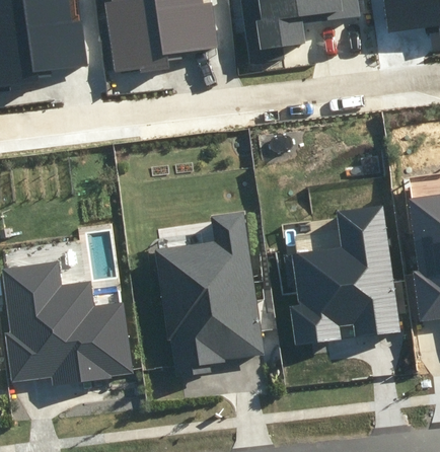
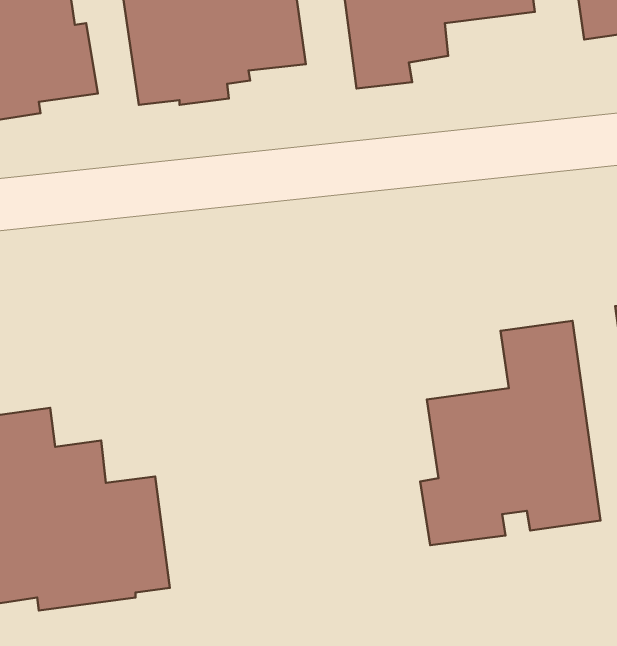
building: [155,211,265,375] -> none

